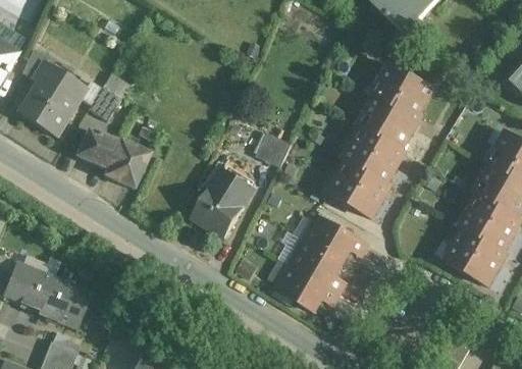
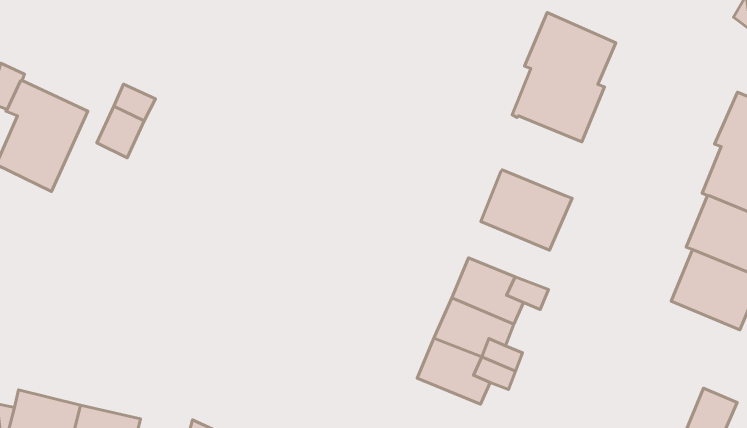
building: [344,126,405,182] -> none
building: [77,129,148,186] -> none
building: [256,130,291,166] -> none
building: [192,166,255,235] -> none

